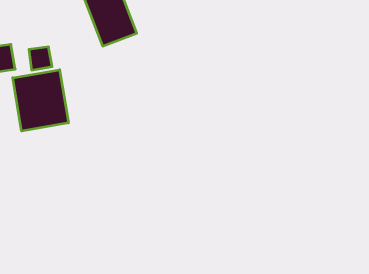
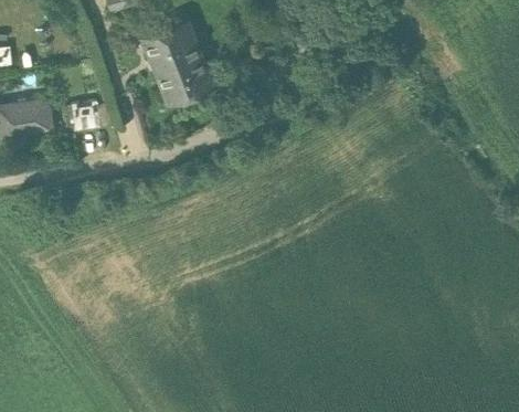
building: [13,70,68,131] -> none

